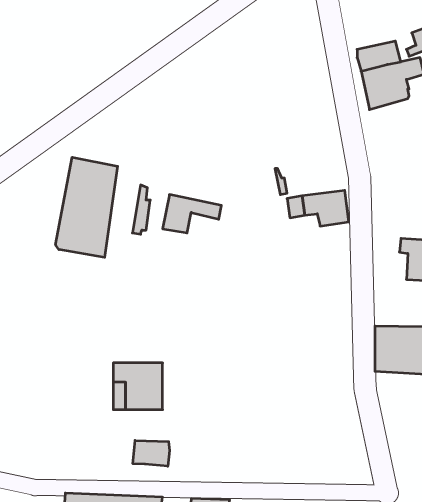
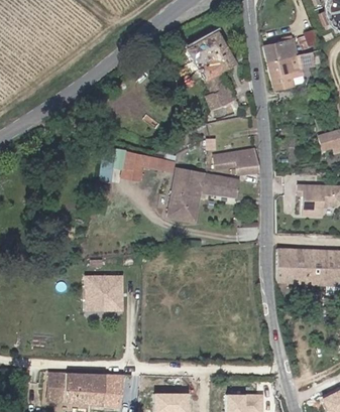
building: none -> [187,31,235,110]
building: [56,157,118,257] -> none
building: none -> [168,169,240,220]
building: [133,440,170,466] -> none

